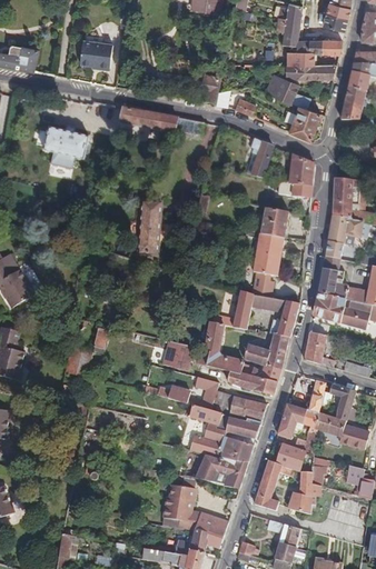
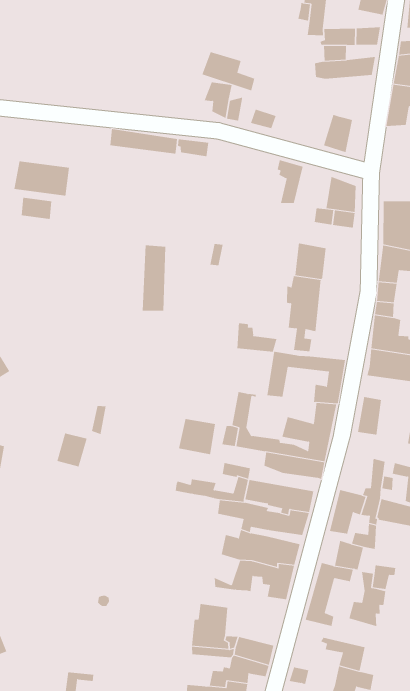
building: [80,40,112,72] -> none
building: [266,74,308,108] -> [202,51,255,91]
building: none -> [237,322,277,353]

